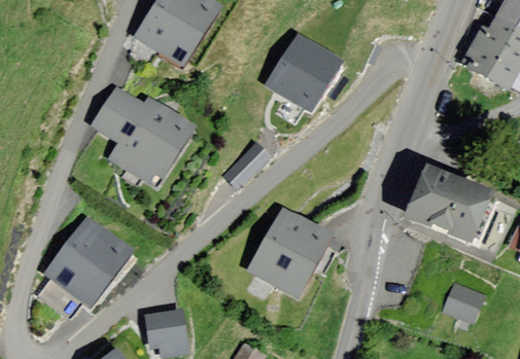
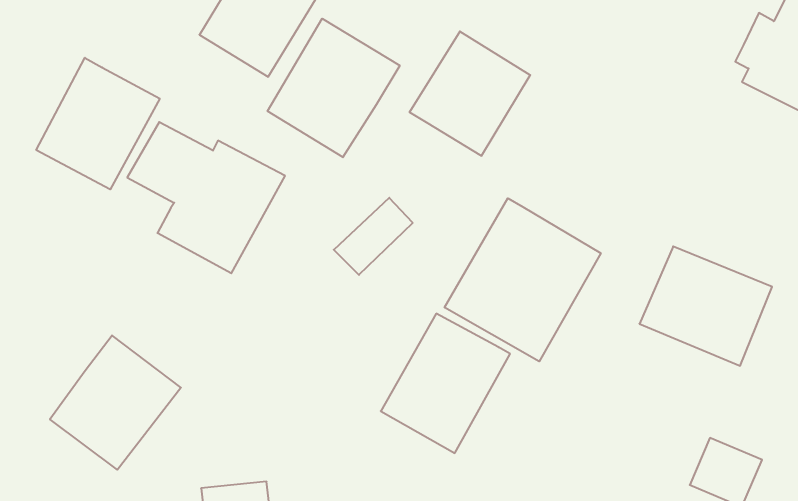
building: none -> [268,19,400,157]
building: none -> [36,58,160,189]
building: none -> [445,198,601,361]

